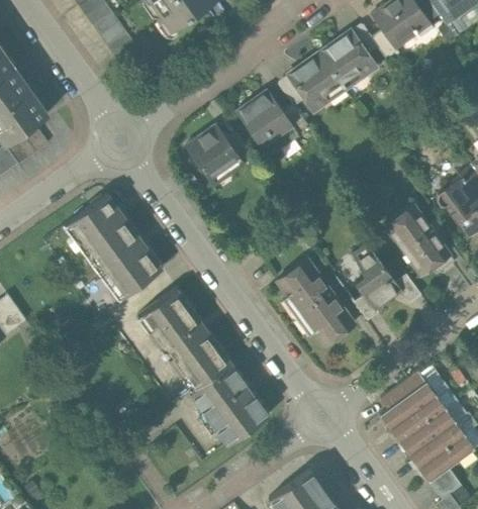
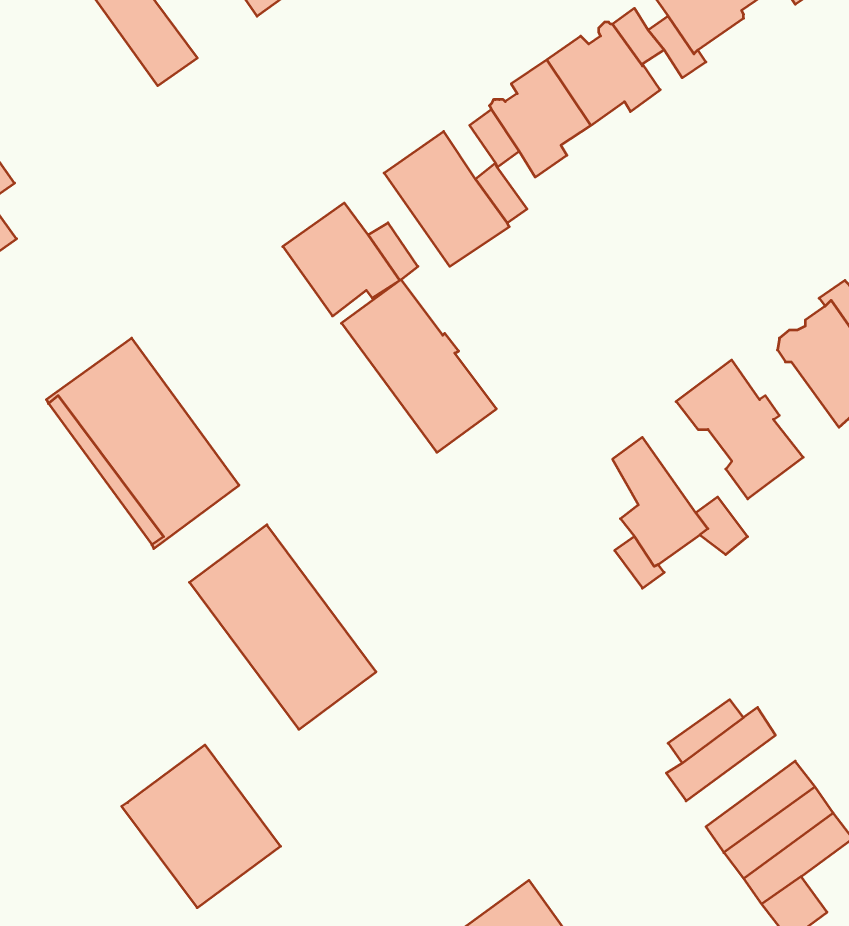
building: [276,259,355,346] -> [341,280,496,452]
building: [190,364,271,446] -> [122,745,281,908]
building: [390,396,446,442] -> none

